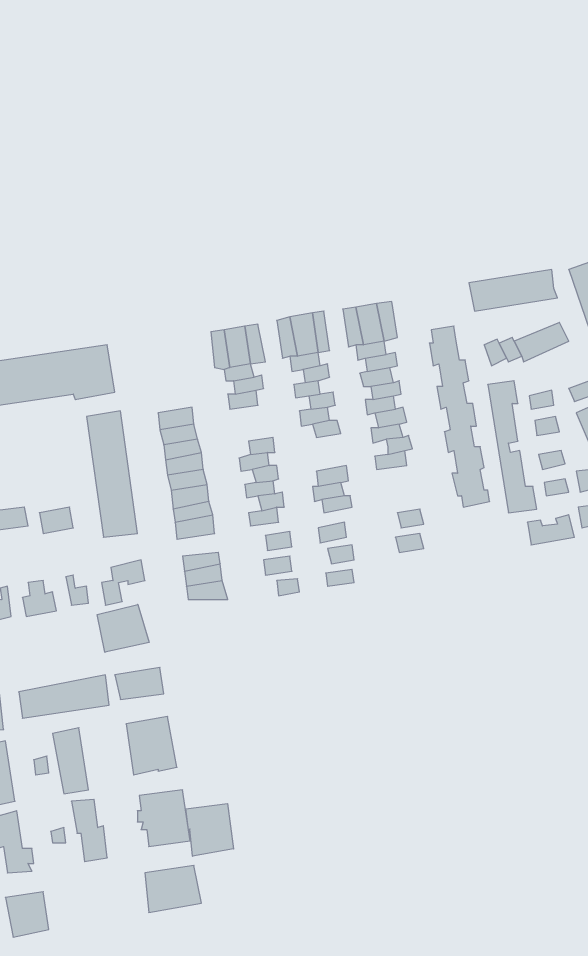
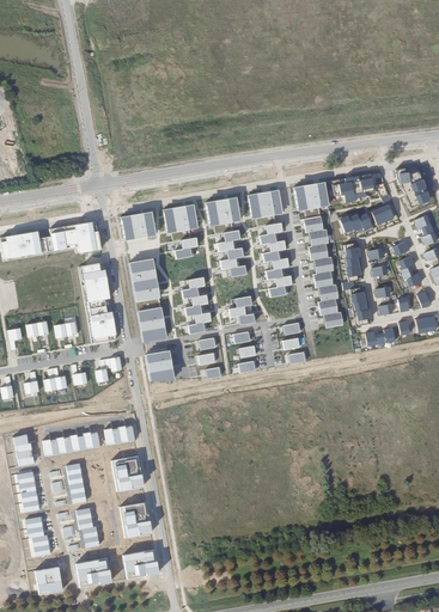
building: none -> [291,180,327,210]
building: none -> [118,210,153,240]
building: [97,604,149,652] -> none
building: [186,804,234,856] -> none
building: none -> [74,557,110,586]

